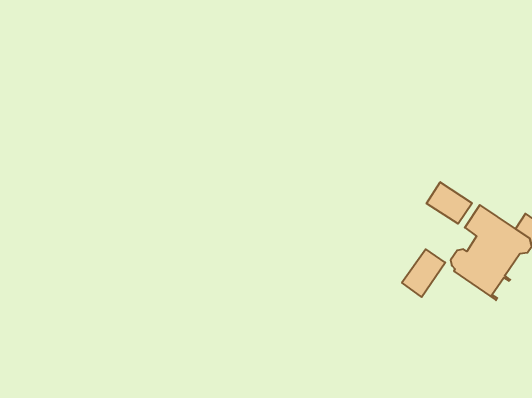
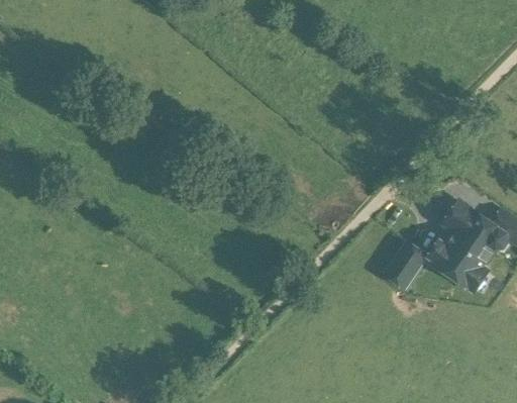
building: [427,182,472,224] -> none

